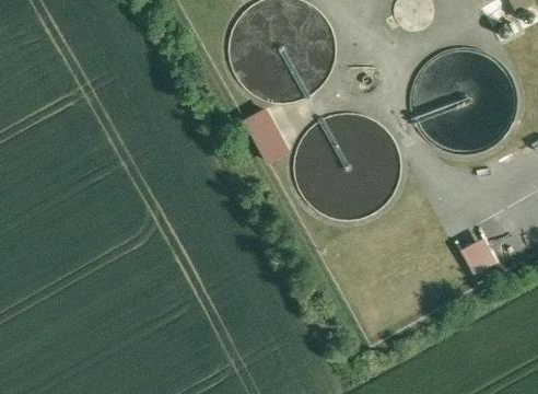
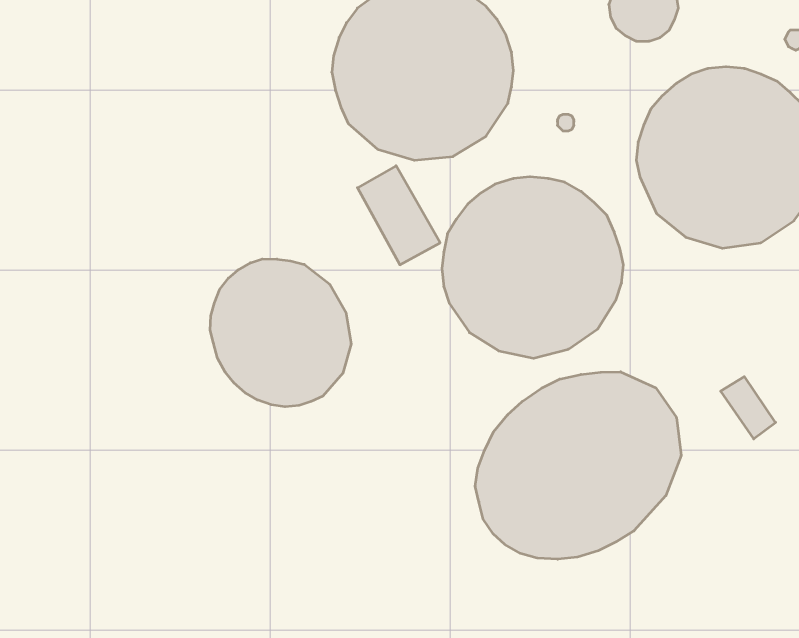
building: none -> [210,259,351,407]
building: none -> [475,372,681,559]

